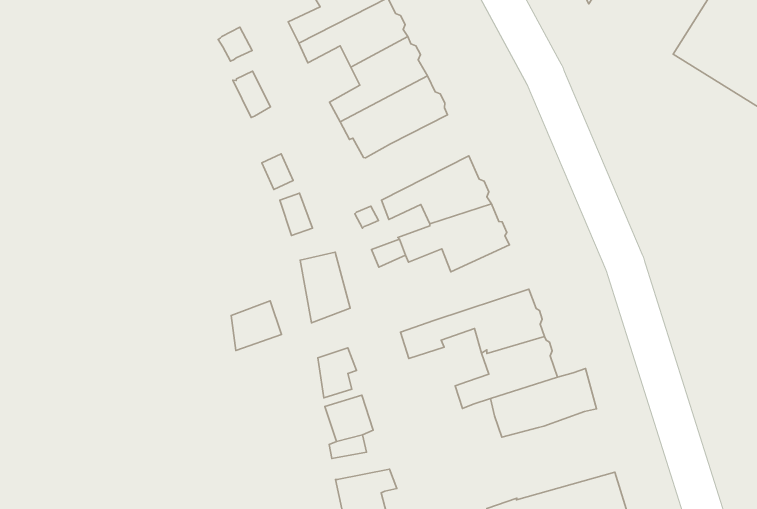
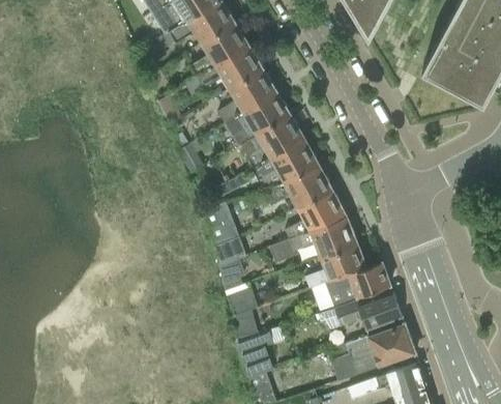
building: none -> [242,114,304,168]
building: none -> [286,190,346,238]
building: [231,301,282,350] -> [216,234,247,265]
building: none -> [334,290,404,329]

